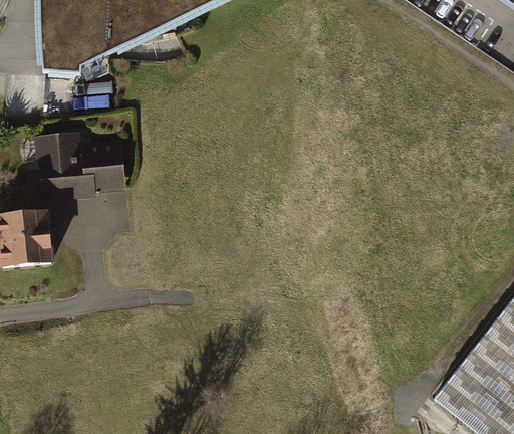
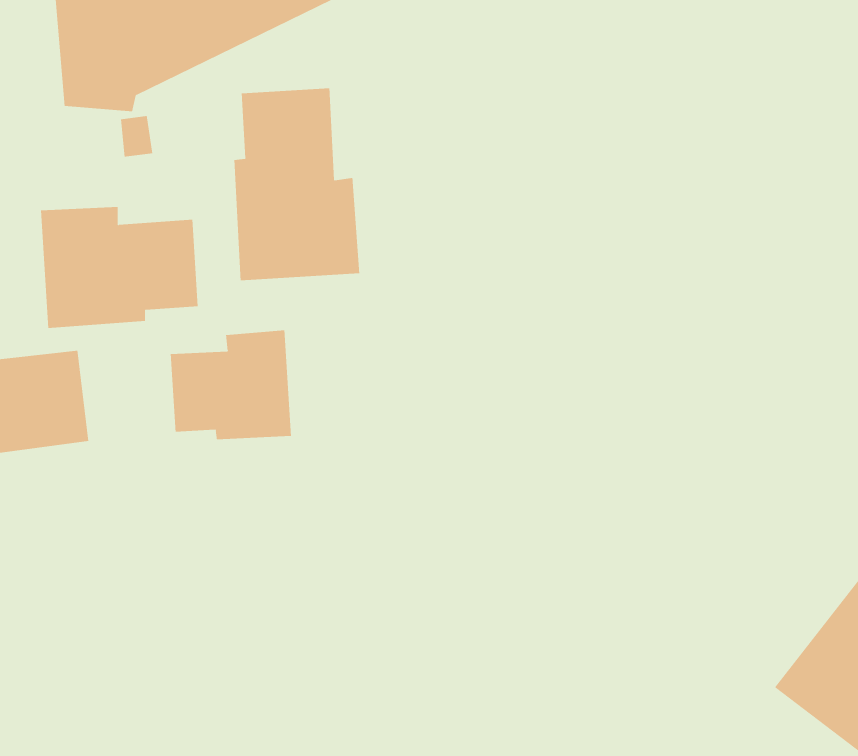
building: none -> [234,88,360,281]
building: none -> [170,330,291,440]

